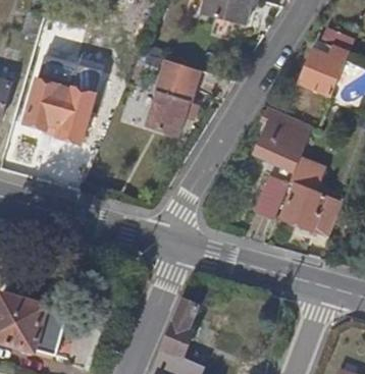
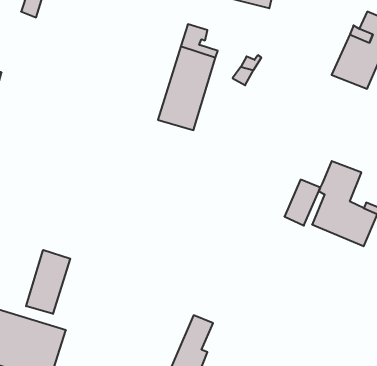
building: [25,79,90,132] -> none
building: [255,108,310,170] -> none
building: none -> [26,250,70,314]

